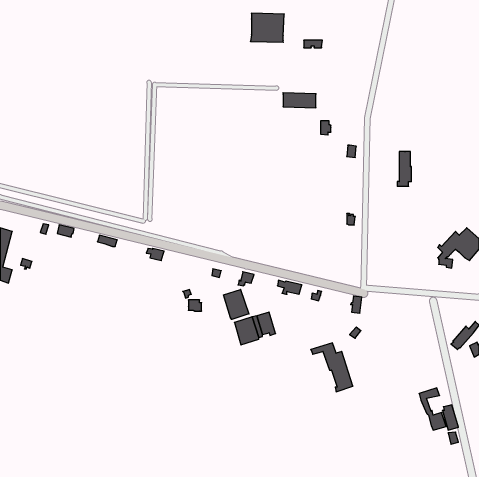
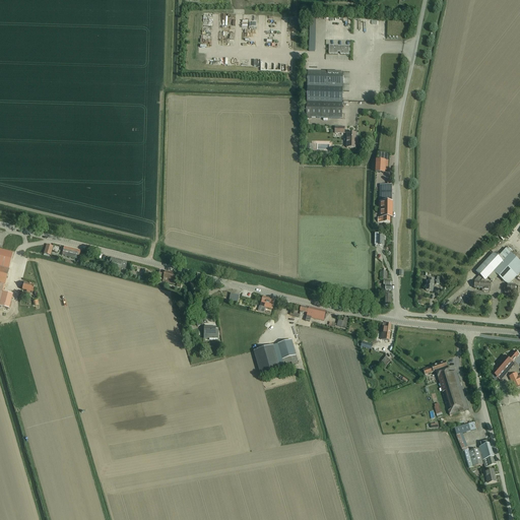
building: [250,13,284,42] -> [307,70,343,102]
building: [397,152,411,186] -> [378,183,393,220]
building: [223,289,249,319] -> none
building: [311,343,353,392] -> [422,361,468,413]

